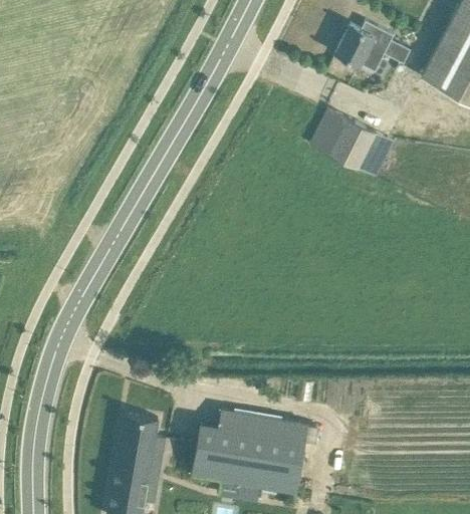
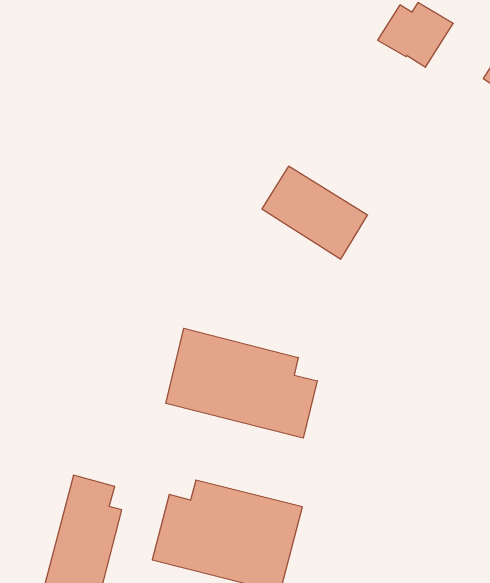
building: [310,109,394,179] -> [262,166,368,259]
building: none -> [166,328,317,438]

